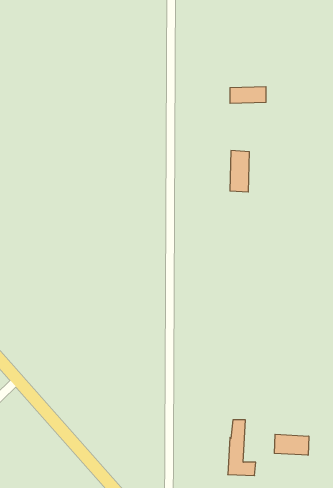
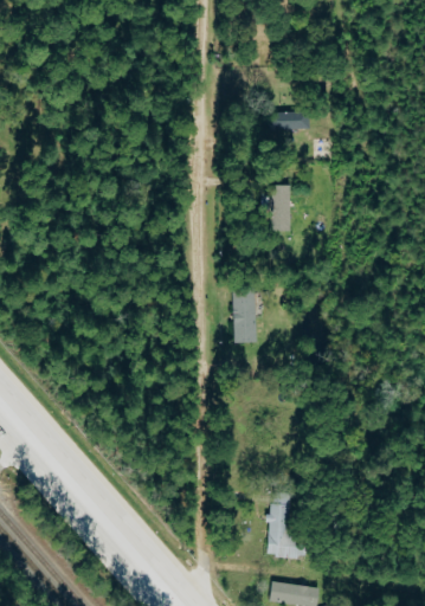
building: none -> [232,289,256,344]
building: [274,434,309,455] -> none

